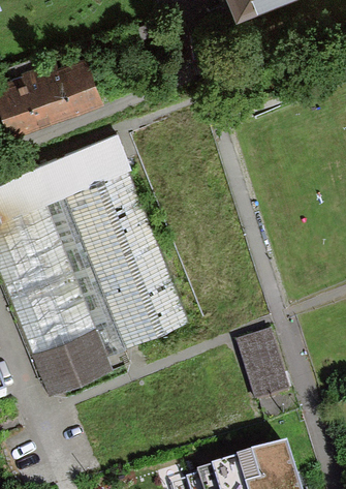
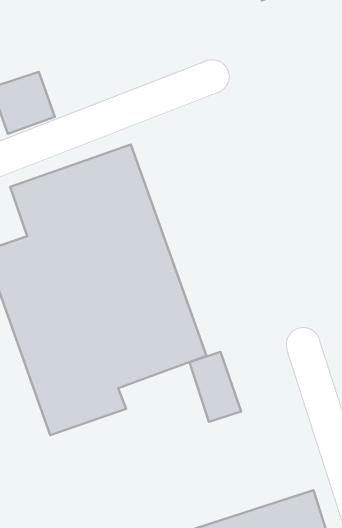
building: [38,54,95,110] -> none
building: [234,335,281,398] -> [189,352,241,422]

